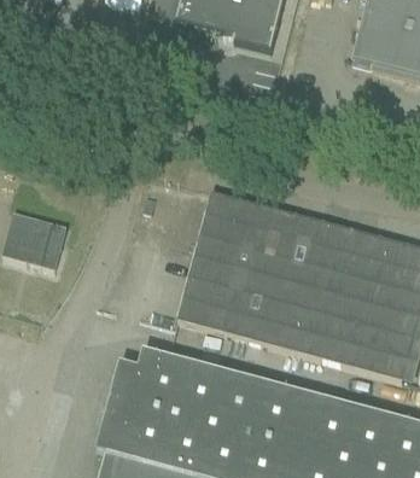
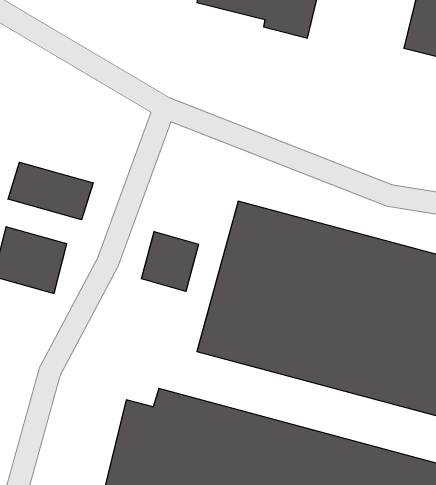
building: none -> [8,162,93,220]
building: none -> [141,231,198,291]

